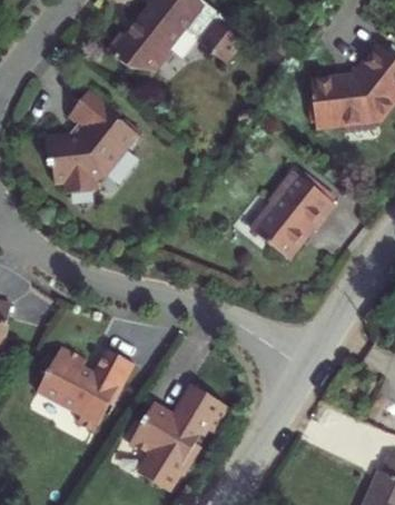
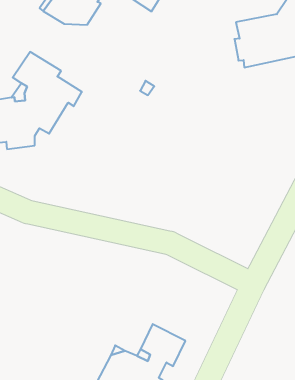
building: [257,175,340,263] -> none
building: [37,344,137,430] -> none

